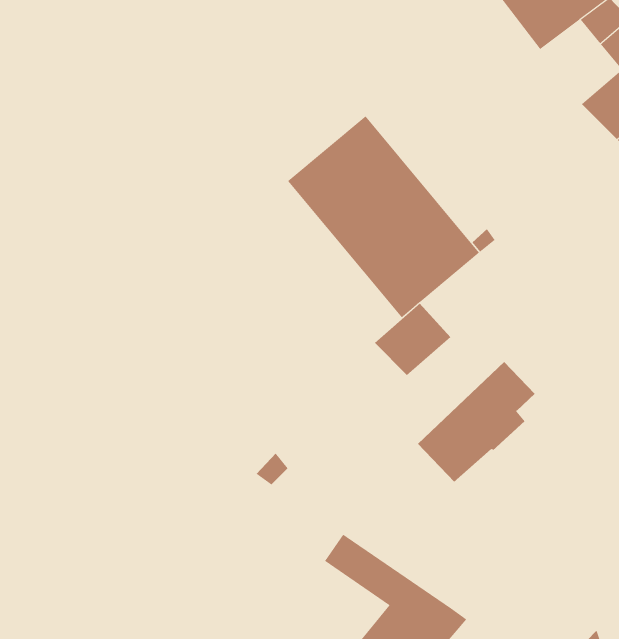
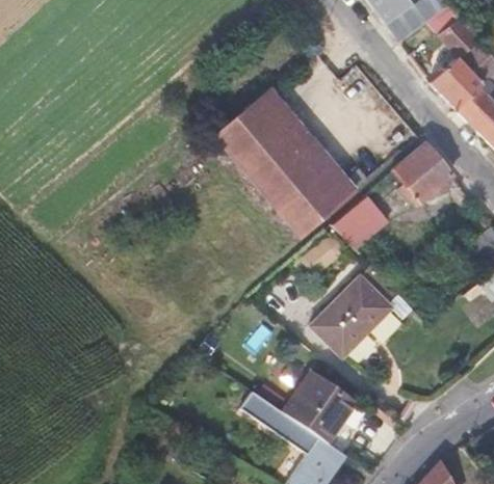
building: none -> [394,143,452,203]
building: [374,303,451,376] -> [332,196,388,249]
building: none -> [260,376,362,448]

